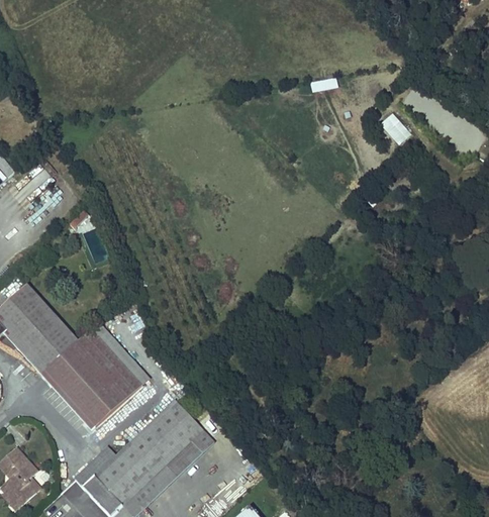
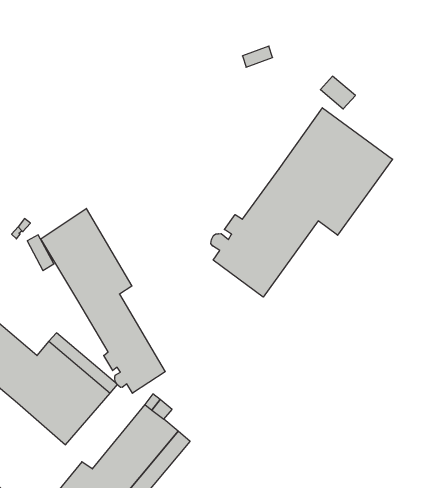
building: none -> [211,108,393,297]
building: none -> [41,208,165,393]

